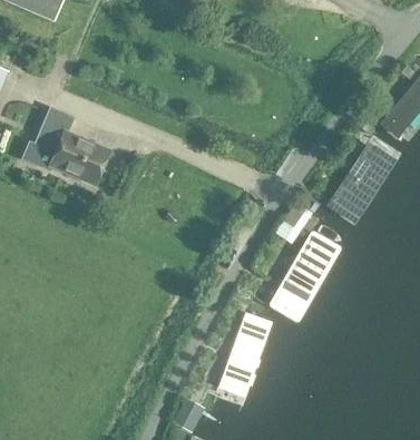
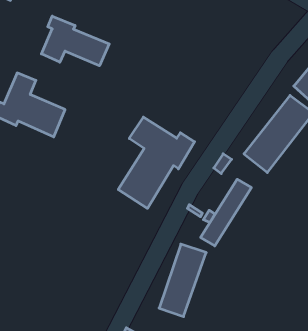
building: none -> [41,16,109,66]
building: none -> [118,117,195,208]

